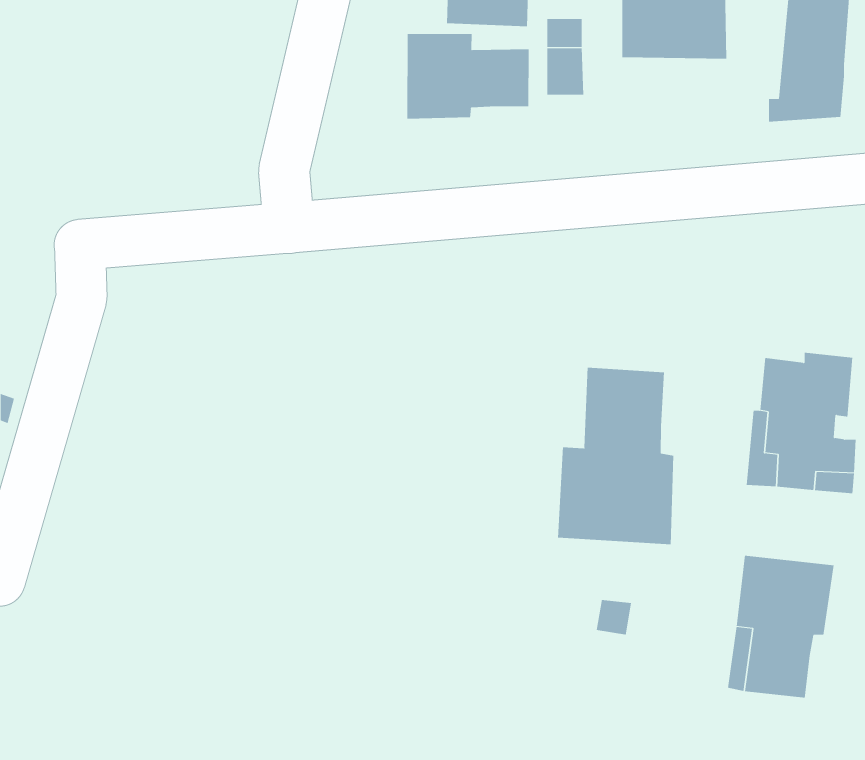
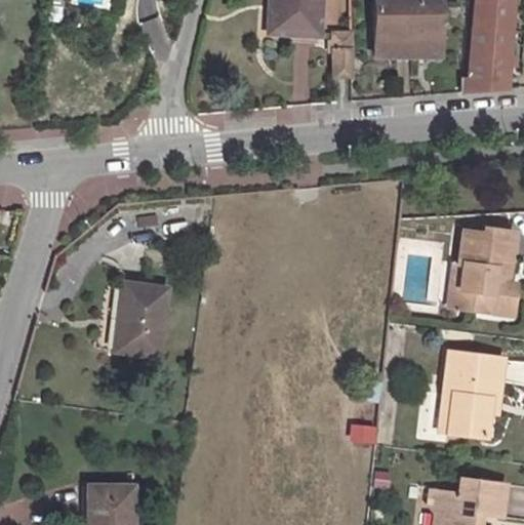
building: [407,33,529,120] -> none
building: [557,367,674,545] -> none
building: none -> [119,282,168,357]

